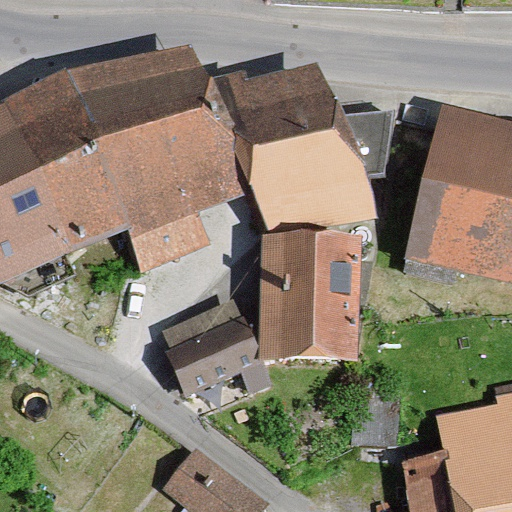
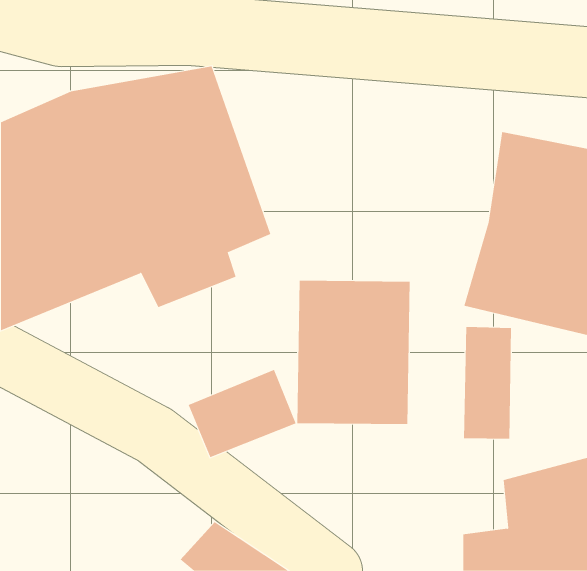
building: [211,69,379,239] -> none
building: none -> [463,326,511,440]

